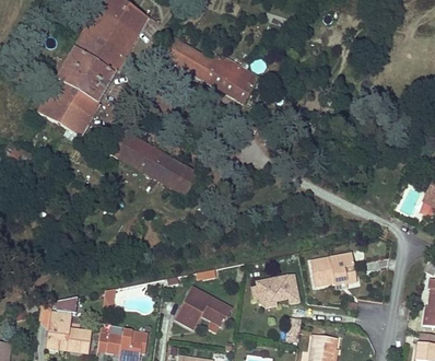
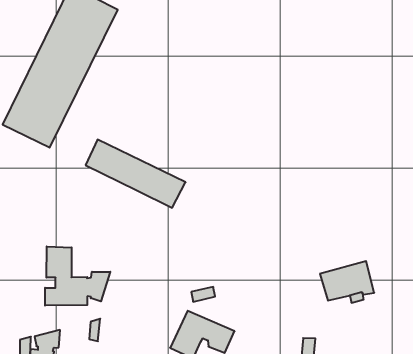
building: [165,35,259,97] -> none
building: none -> [45,246,110,306]
building: [258,273,298,302] -> none

